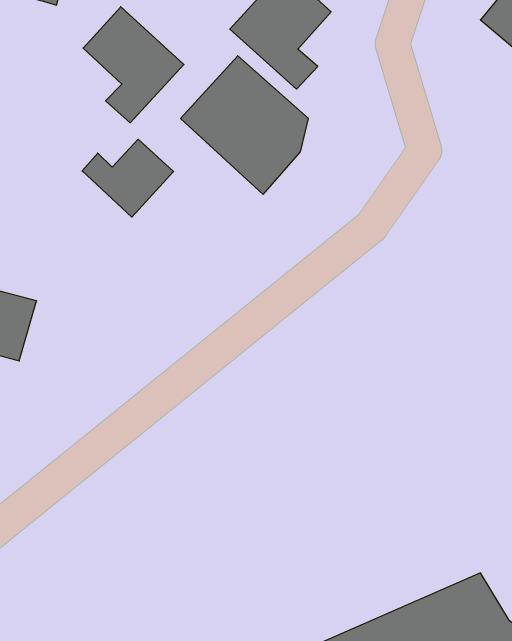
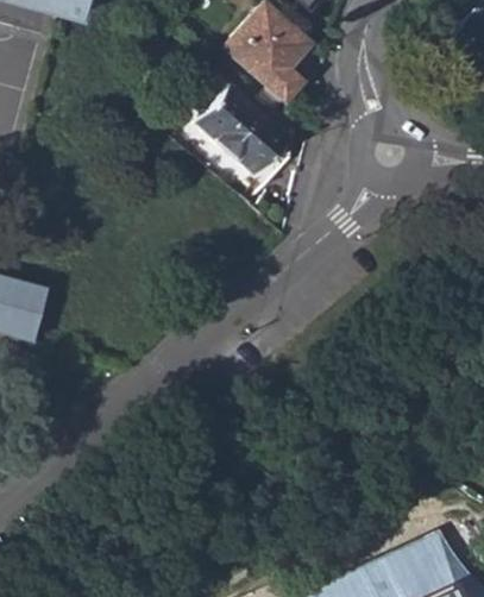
building: [83,7,184,123] -> none
building: [82,139,174,217] -> none

